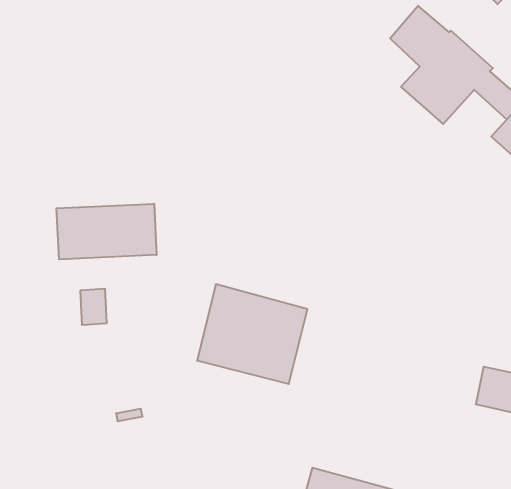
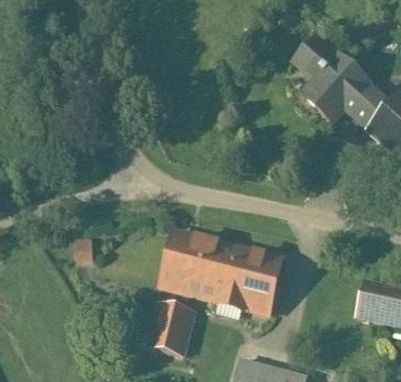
building: [56,204,157,259] -> none
building: none -> [226,246,281,310]
building: none -> [148,300,196,354]

